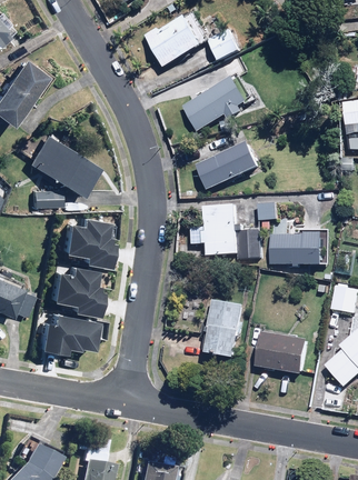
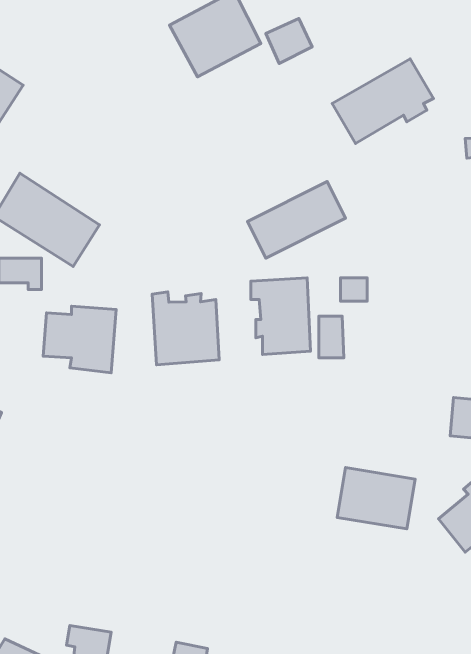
building: [181,76,249,132] -> [332,59,433,143]
building: none -> [152,292,219,365]
building: [270,229,329,262] -> none
building: [48,269,97,313] -> none
building: [206,300,240,353] -> none
building: [38,316,92,352] -> none

